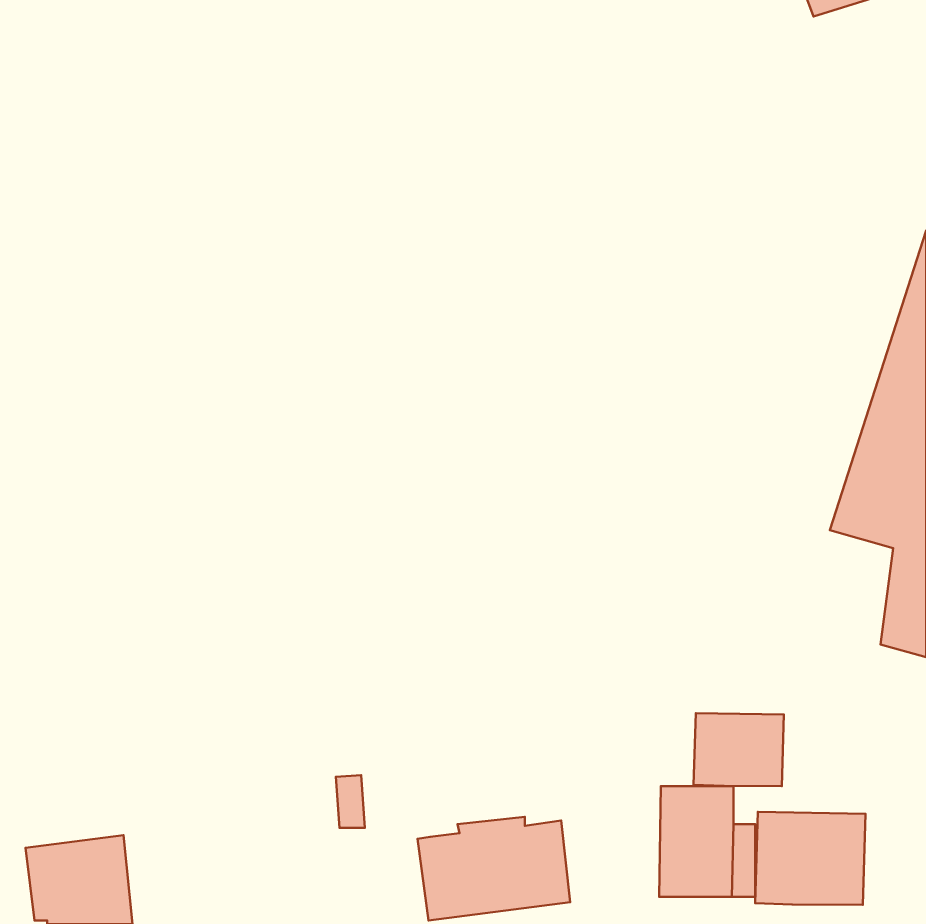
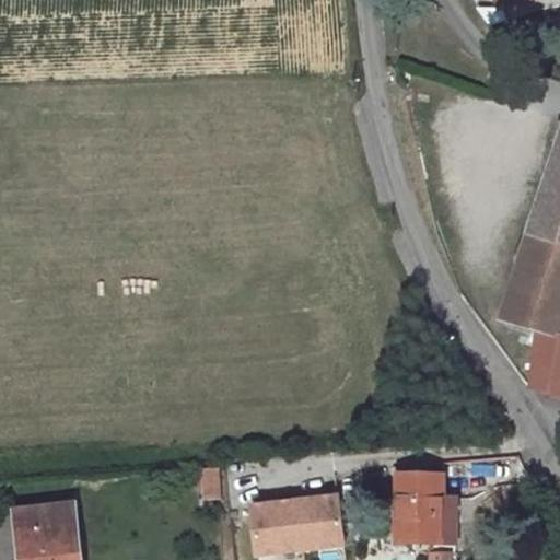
building: [694,713,784,786] -> none
building: [755,812,866,905] -> none

